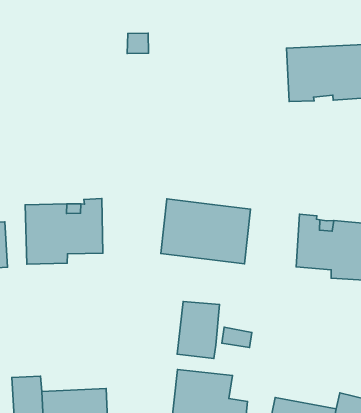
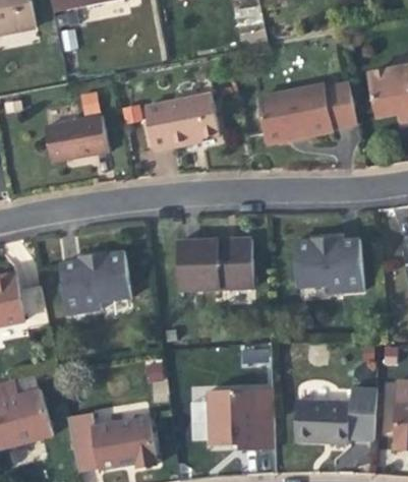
building: none -> [147,93,221,149]
building: none -> [46,115,110,162]
building: [177,302,220,358] -> none

